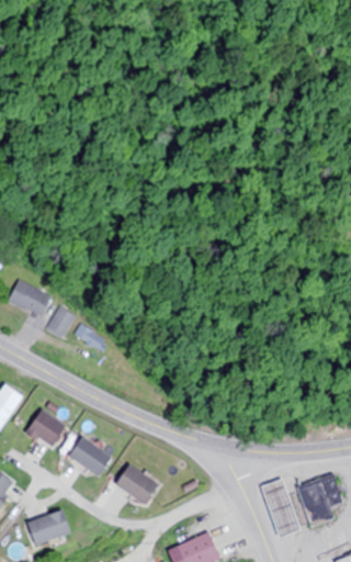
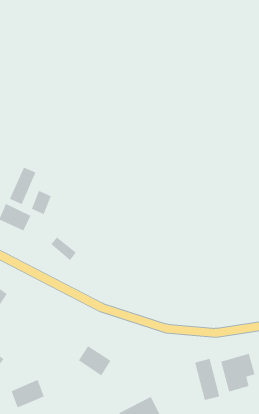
building: none -> [9,167,37,205]
building: [49,306,77,339] -> [31,190,52,215]
building: [25,409,66,449] -> none
building: [67,437,112,477] -> none

